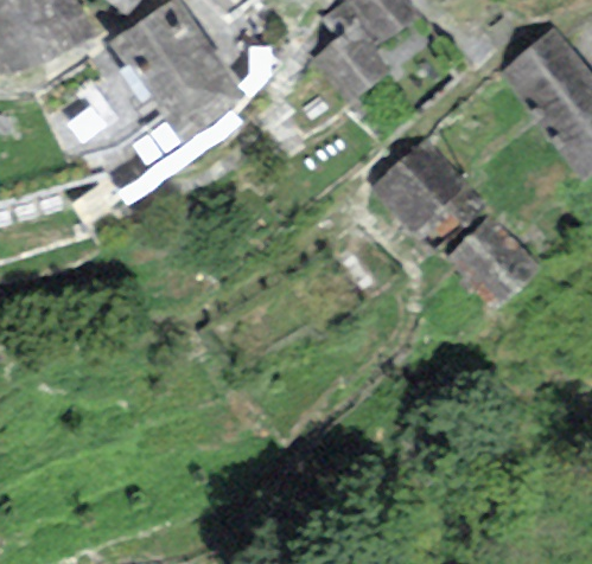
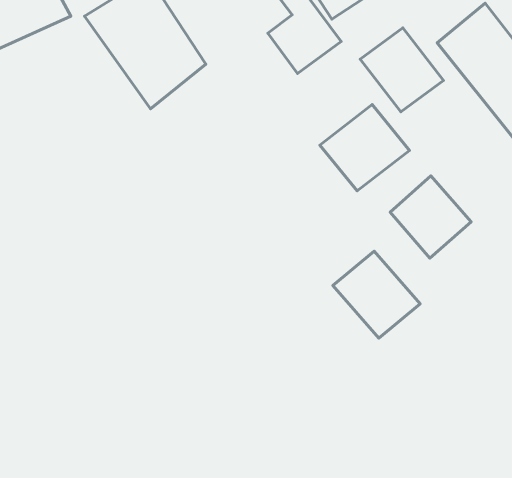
building: none -> [360,28,444,112]
building: none -> [333,251,420,338]

